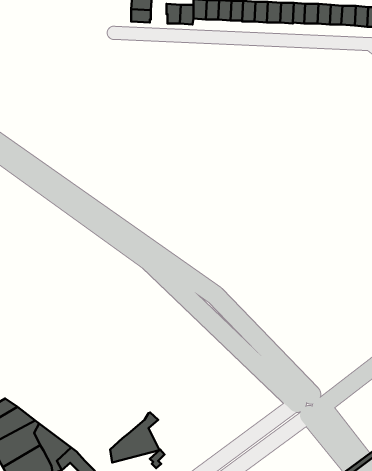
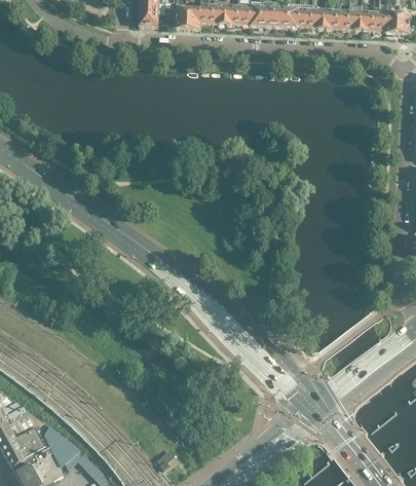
building: [110,412,159,462] -> none

